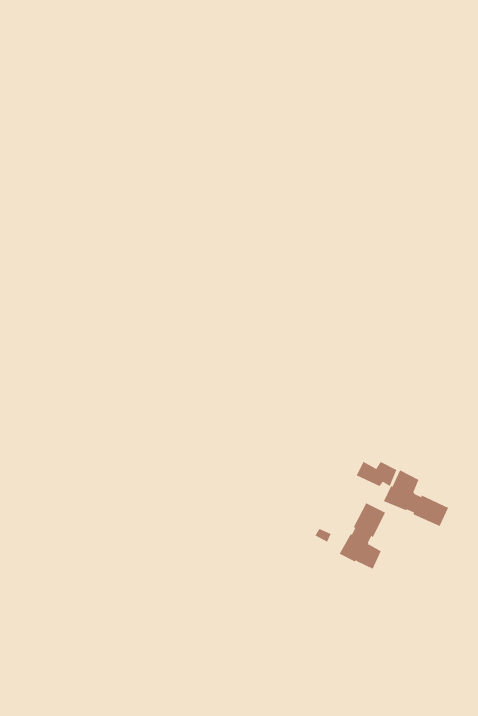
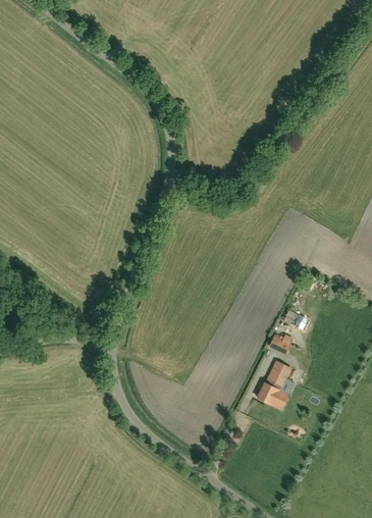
building: [383,470,449,527] -> none

